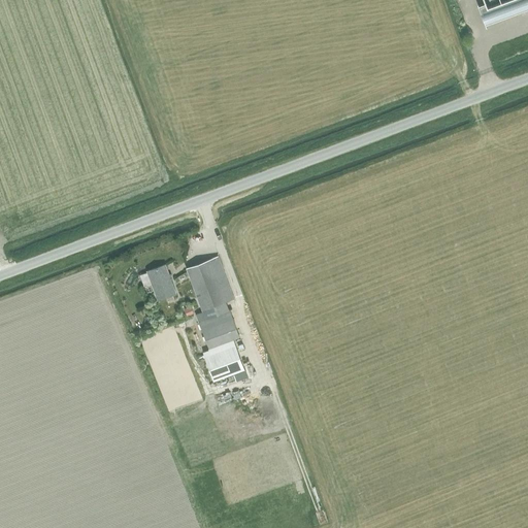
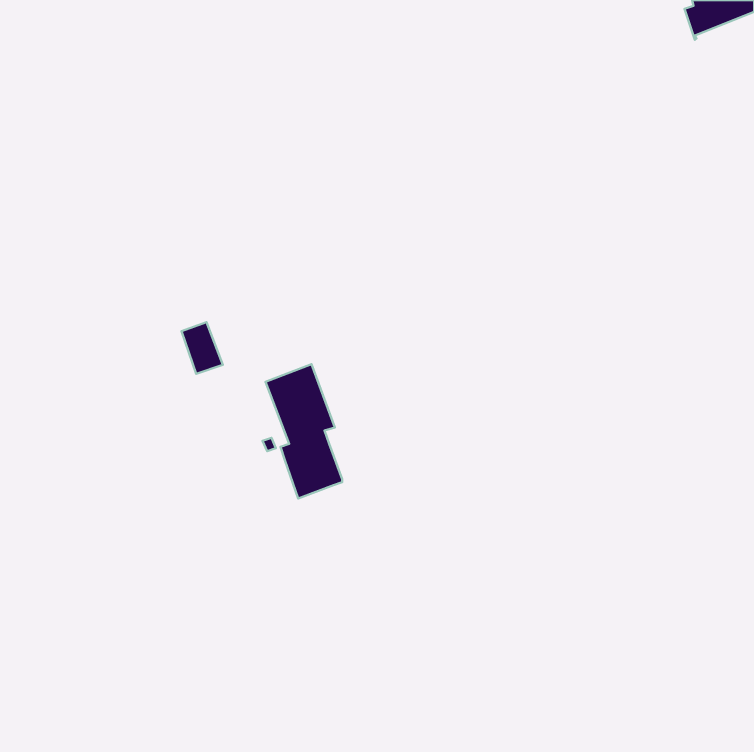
building: [147,265,176,301] -> [182,322,223,374]
building: [202,340,244,382] -> none

